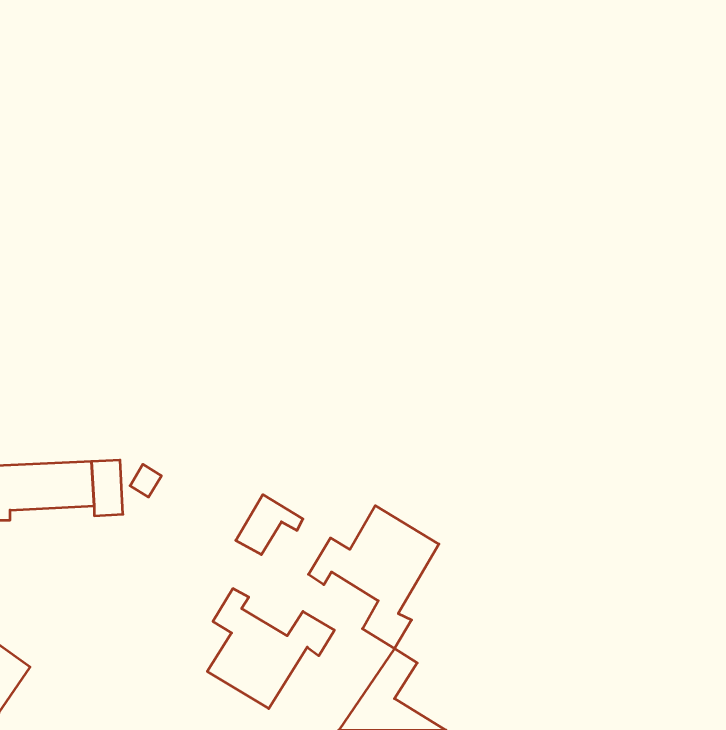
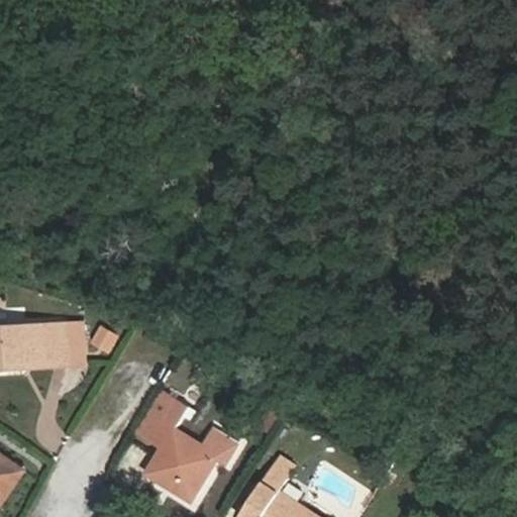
building: [236,495,303,555] -> [132,397,180,439]
building: [308,506,439,649] -> none

